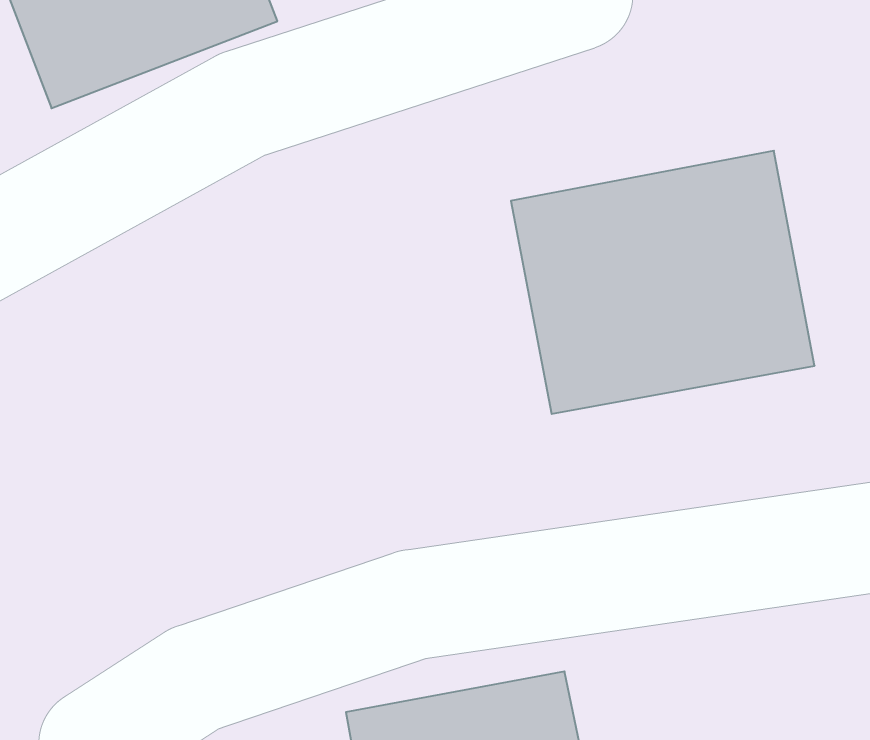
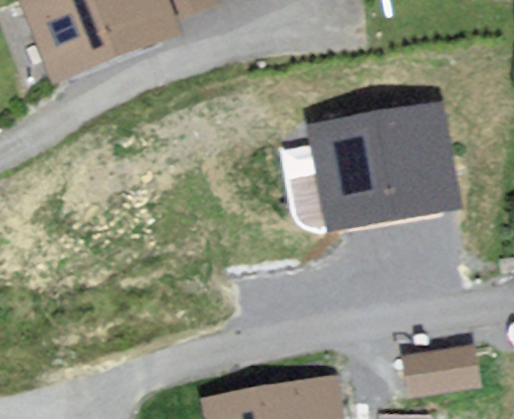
building: none -> [396,340,480,397]

